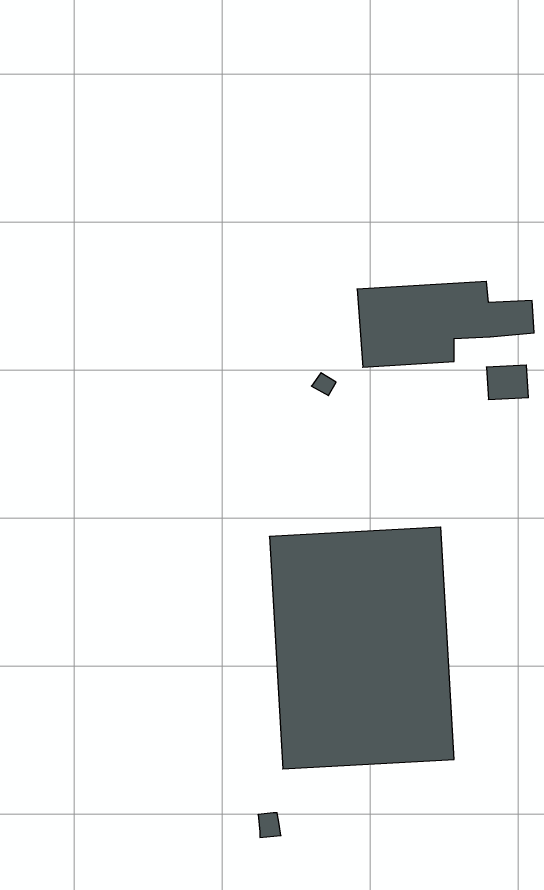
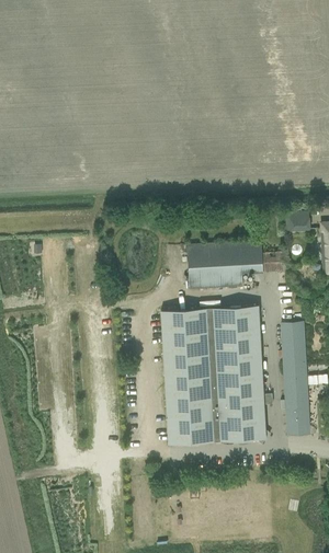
building: [357,281,534,367] -> [186,241,288,290]
building: none -> [281,321,309,435]

